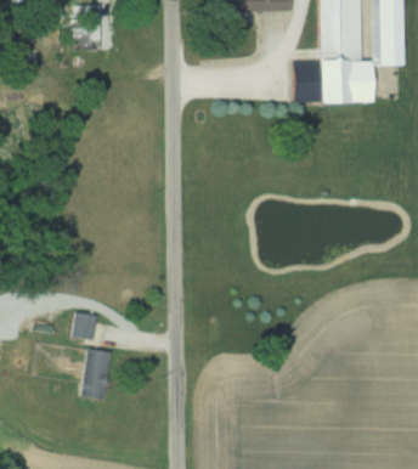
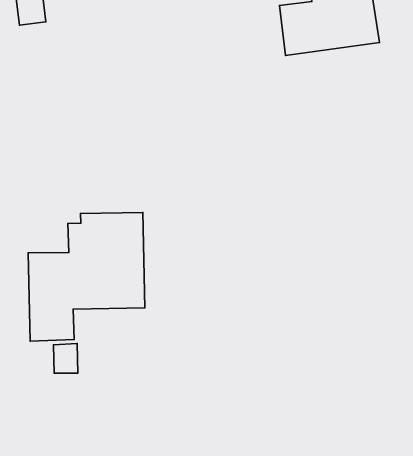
building: none -> [28,213,145,341]
building: [80,349,111,400] -> none

